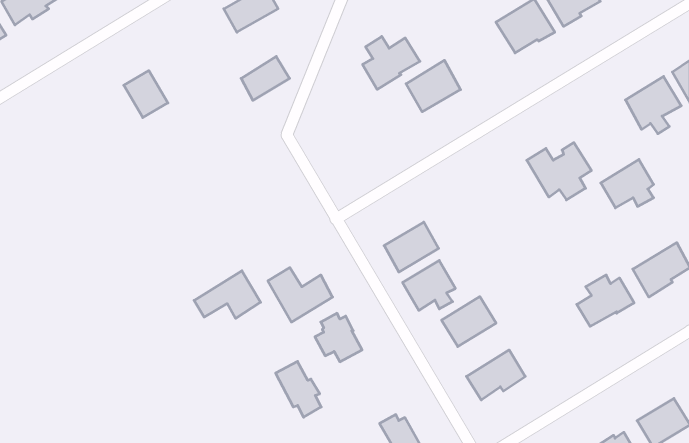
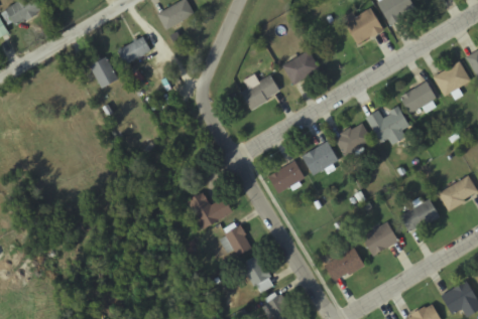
building: [363,36,420,89] -> [241,73,280,110]
building: [241,56,290,100] -> [118,35,151,65]
building: [601,159,654,208] -> [399,81,436,114]
building: none -> [334,123,372,156]
building: [403,260,455,310] -> [302,141,338,175]
building: [194,271,261,318] -> none
building: [442,297,496,347] -> [361,221,398,256]
building: [276,361,321,417] -> [241,255,272,293]

